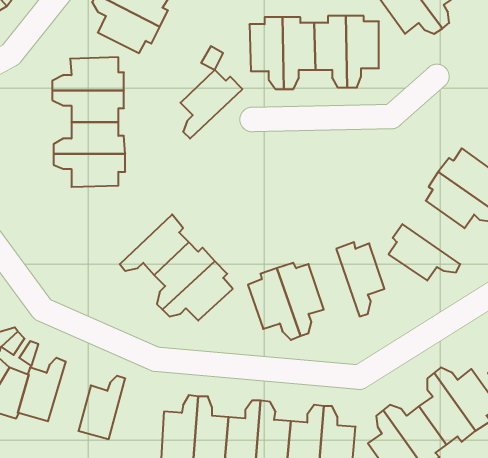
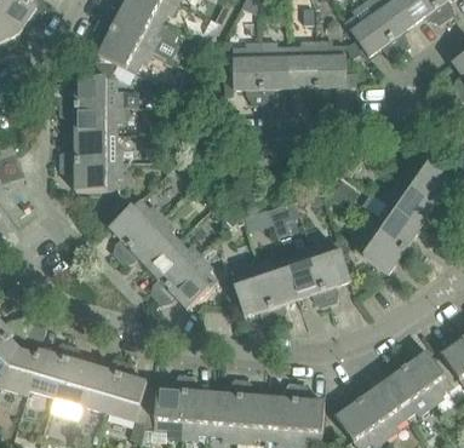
building: [180,70,242,139] -> [110,199,165,259]
building: none -> [367,203,423,259]
building: none -> [285,246,330,308]
building: none -> [56,345,93,406]
building: none -> [109,360,148,421]

